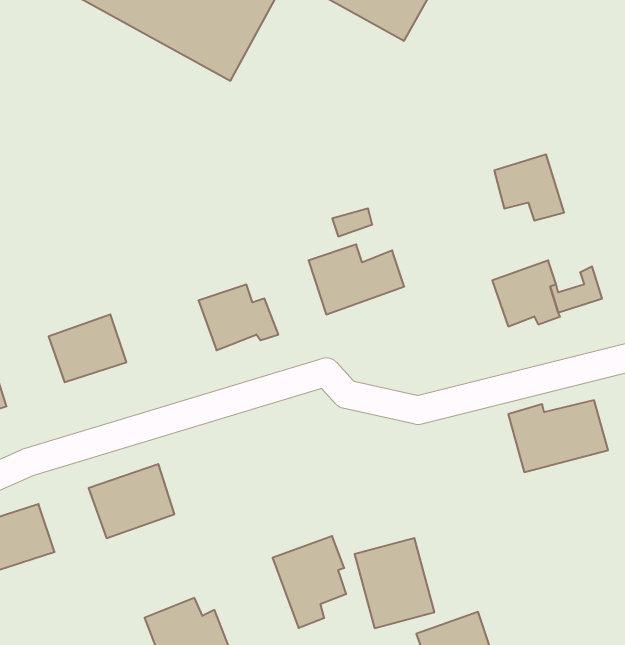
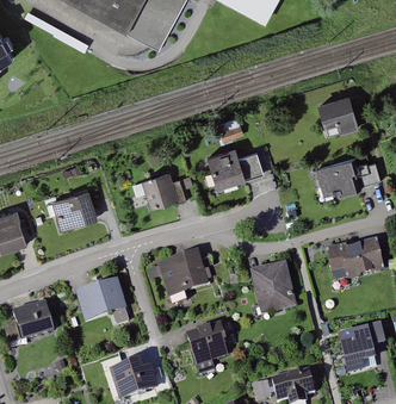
building: none -> [156,250,209,298]
building: [355,538,434,628] -> [249,262,297,316]
building: none -> [335,324,385,366]

